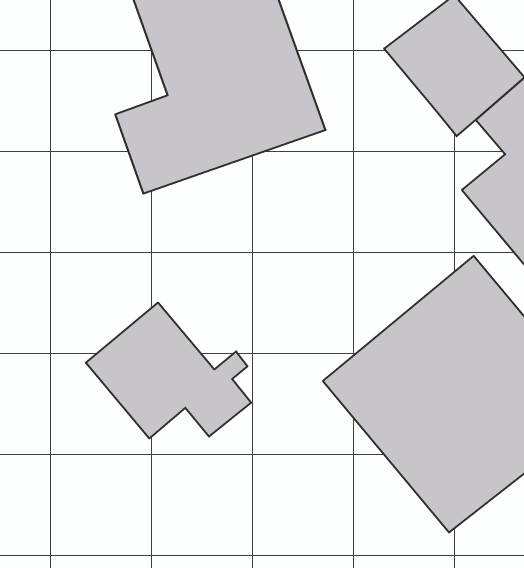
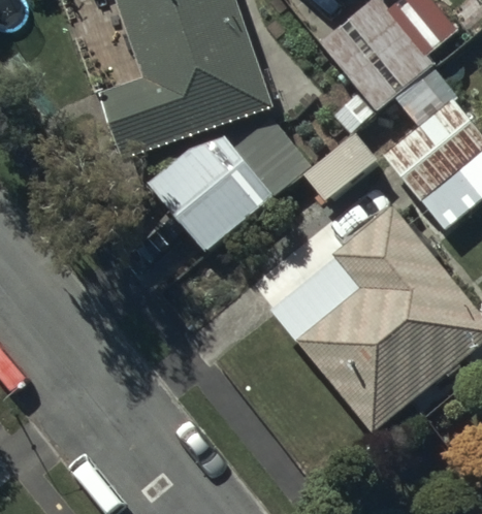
building: none -> [147,116,312,251]
building: [86,303,251,438] -> none

